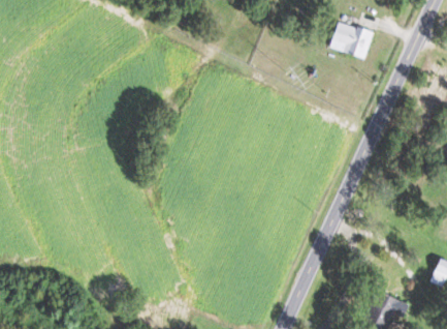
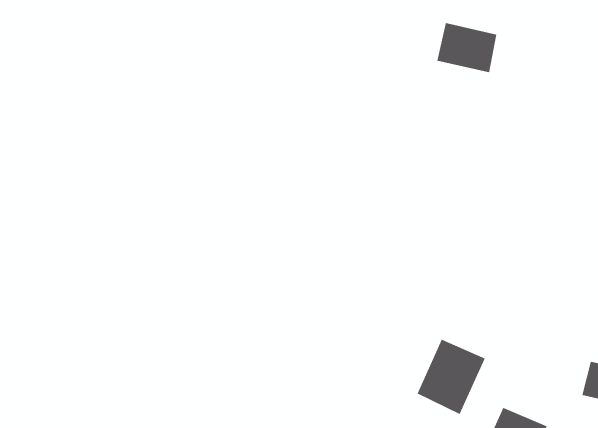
building: none -> [417,339,485,415]

